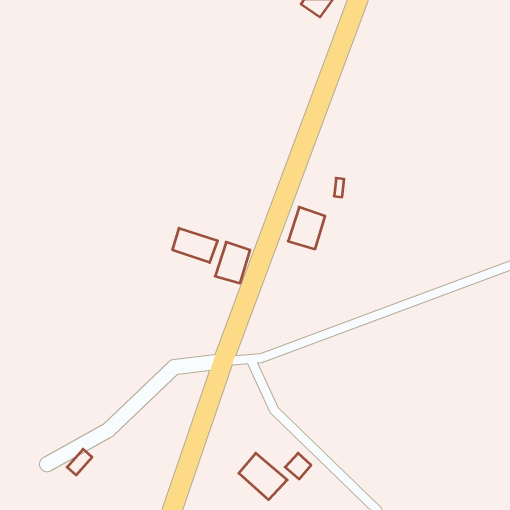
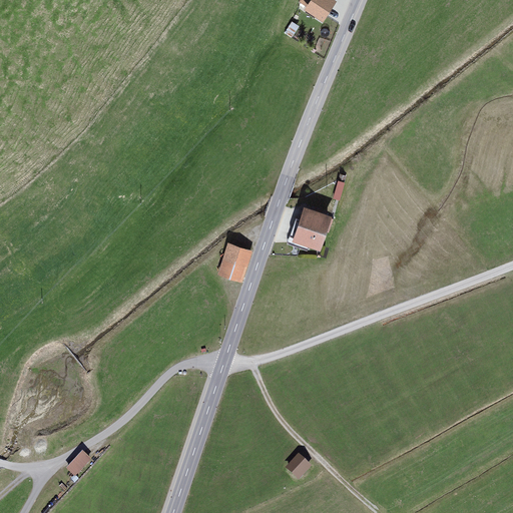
building: [173,228,218,263] -> none
building: [239,453,287,500] -> none

